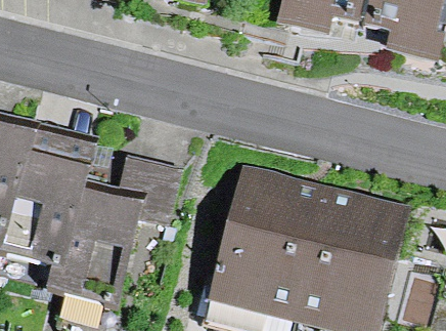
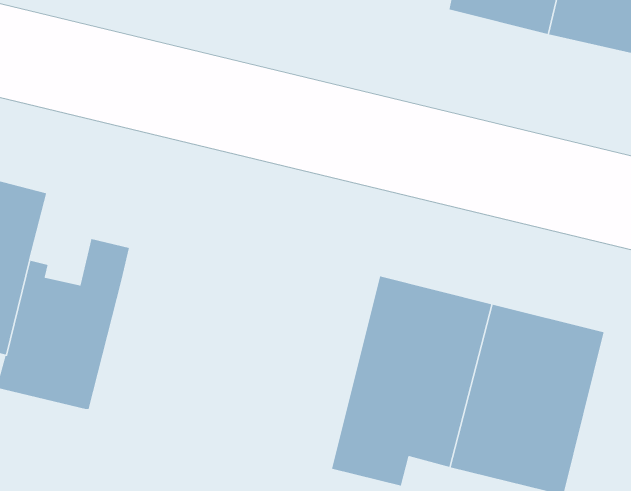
building: [56,163,181,306] -> none

